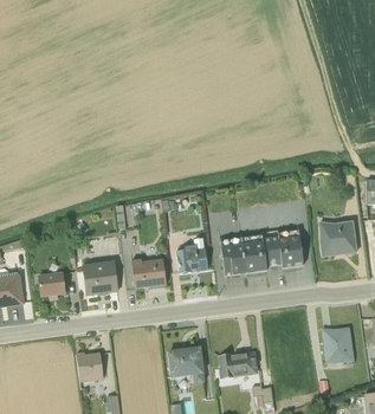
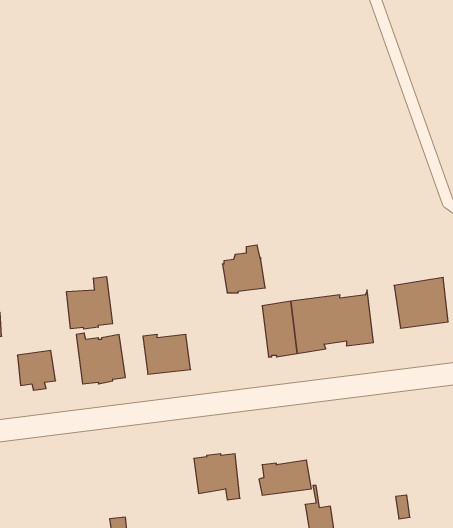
building: none -> [67,277,113,329]
building: [175,238,207,273] -> [222,245,265,293]
building: [322,325,354,361] -> none
building: [76,352,102,382] -> none

